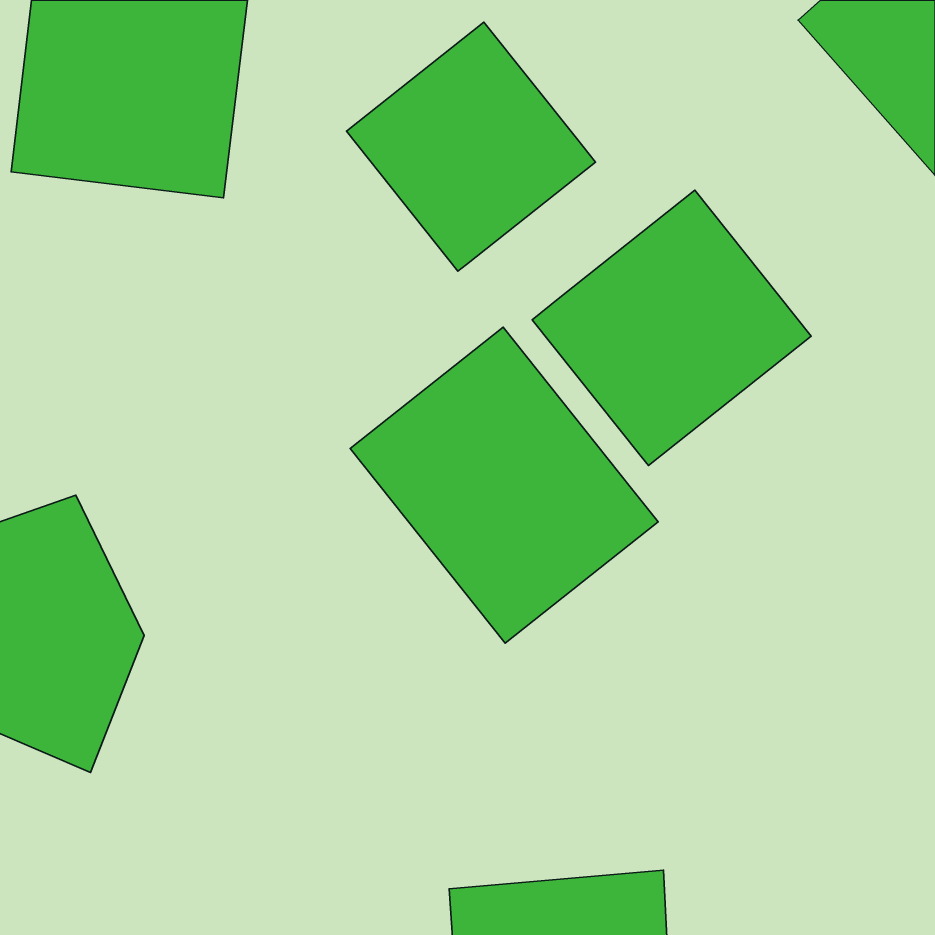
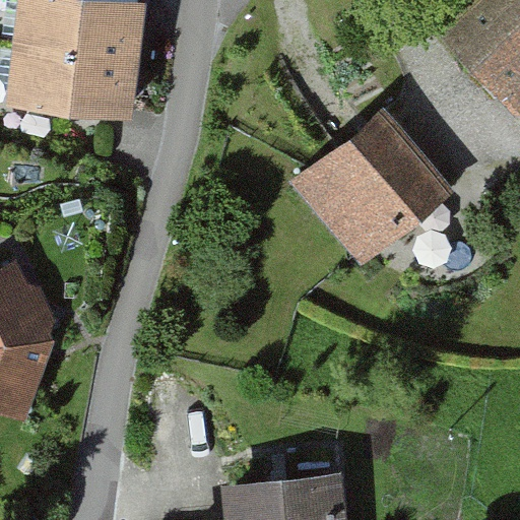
building: [346,22,595,271] -> none
building: [350,327,658,643] -> none

